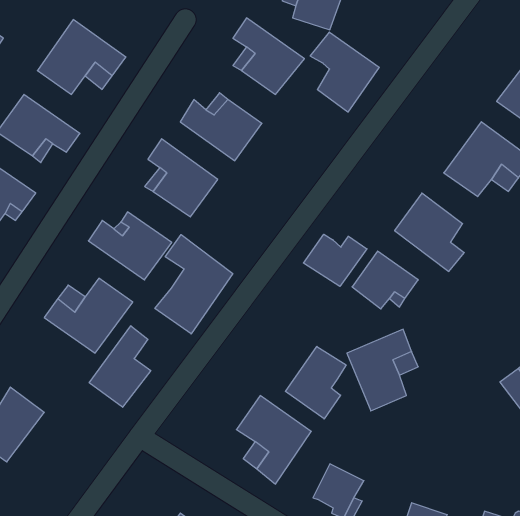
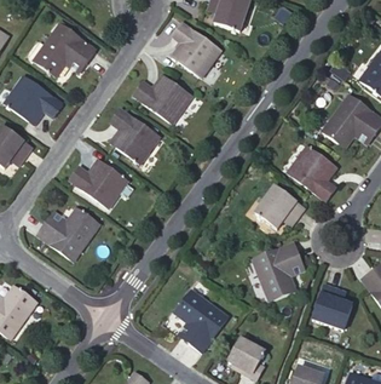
building: [310,32,379,112] -> none
building: [303,234,367,286] -> none
building: [155,235,233,334] -> none
building: [89,326,151,407] -> none
building: [285,346,346,419] -> none
building: none -> [313,285,352,329]

